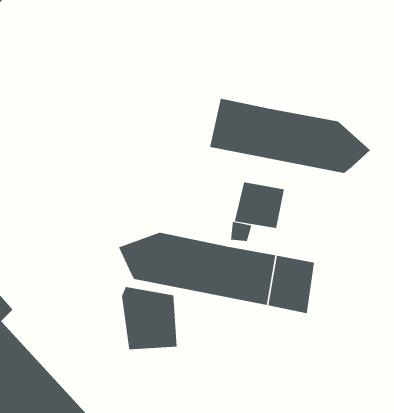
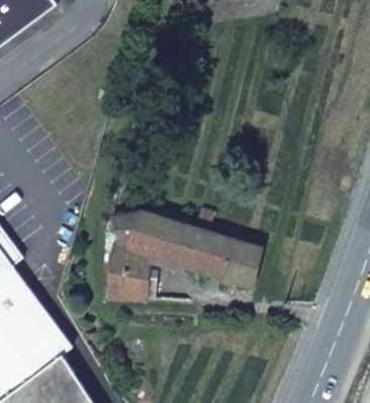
building: [209,98,371,174] -> none
building: [234,181,284,229] -> none

